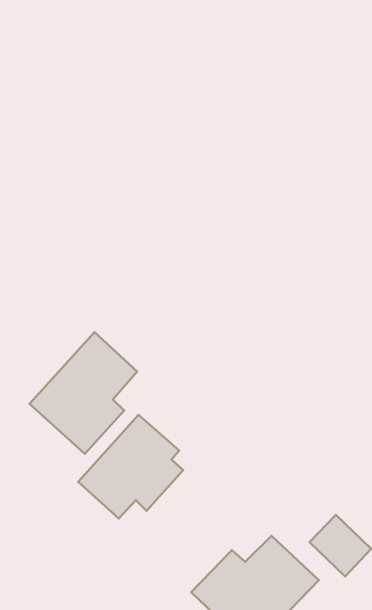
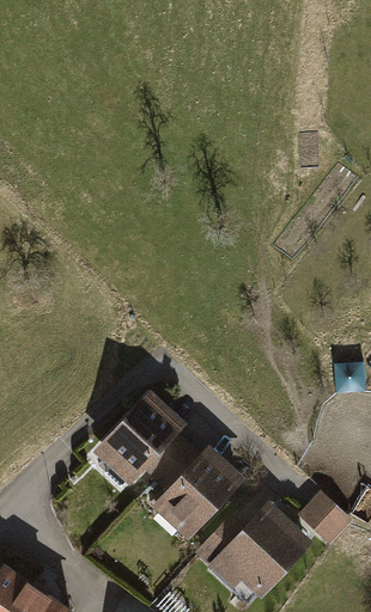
building: [30,332,137,454] -> none
building: none -> [150,442,244,543]

